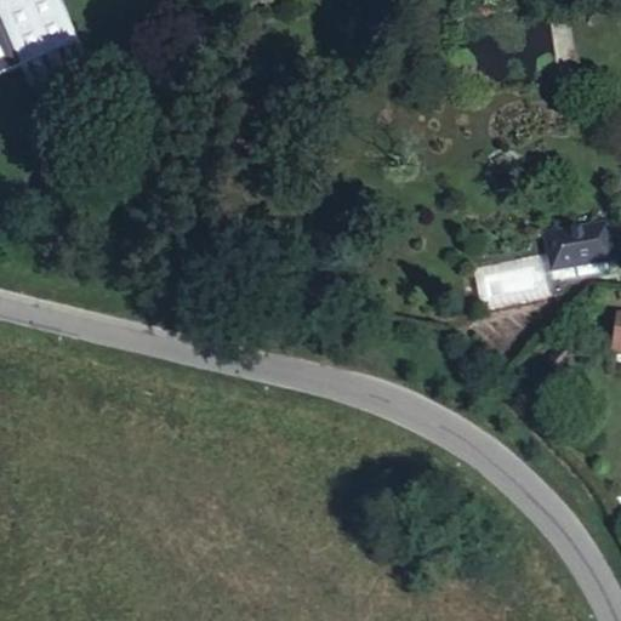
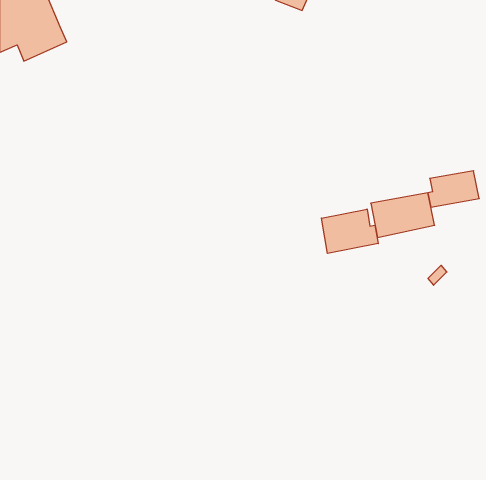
building: none -> [321,209,378,253]

